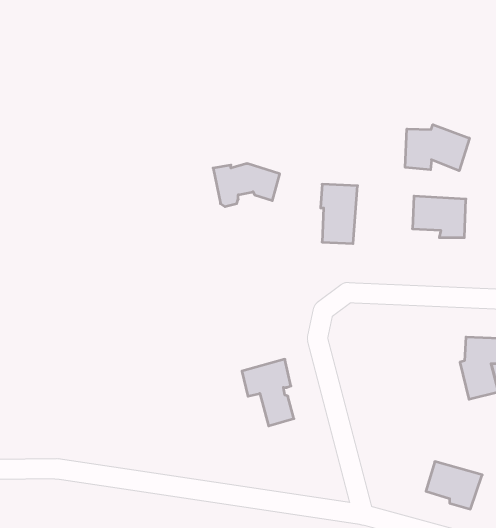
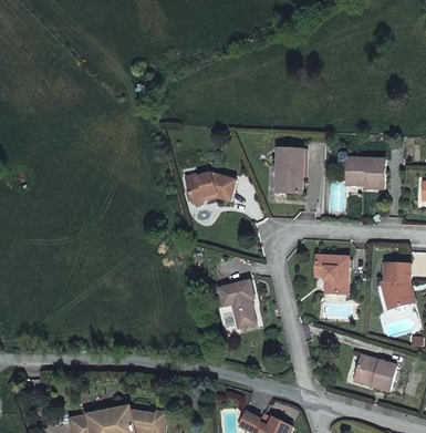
building: [405,125,469,171] -> none
building: [213,164,280,207] -> [185,173,235,205]
building: none -> [314,256,347,293]

